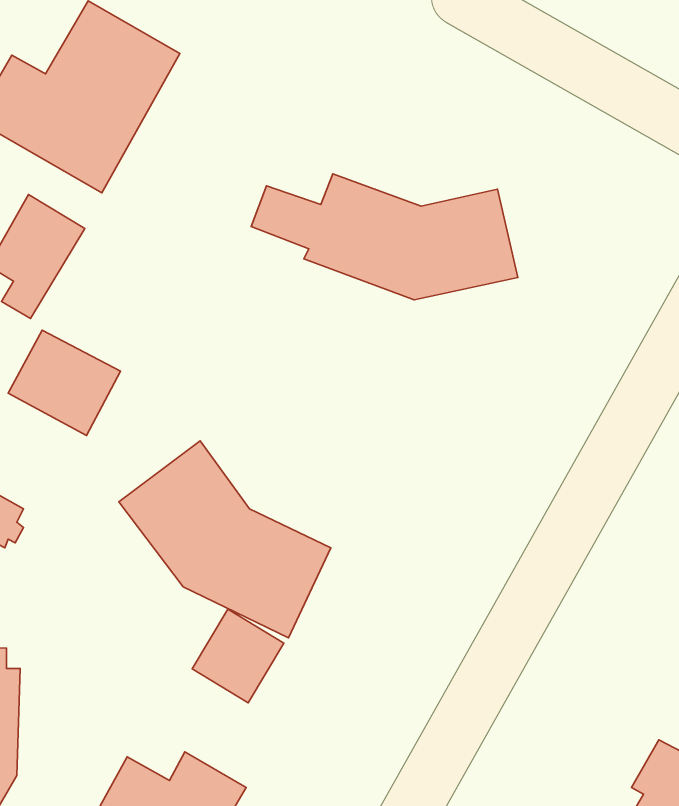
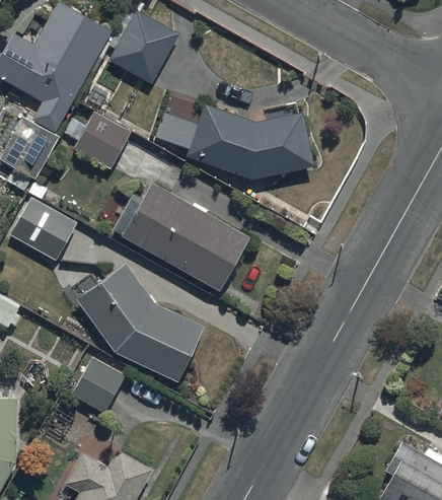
building: none -> [108,10,179,85]
building: none -> [72,111,131,169]
building: none -> [113,184,248,291]
building: [192,609,284,703] -> [70,358,125,414]

